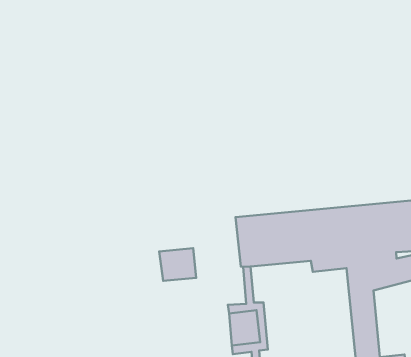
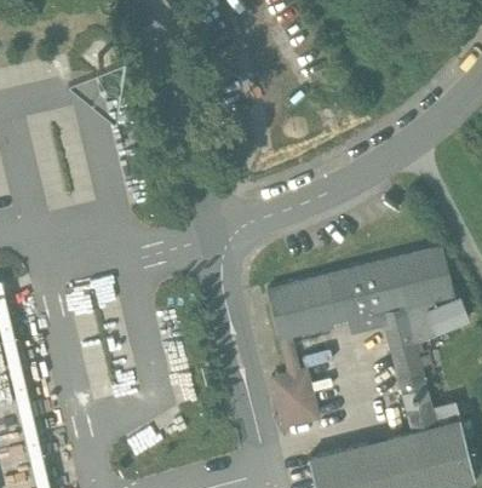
building: [159,248,196,281] -> none

